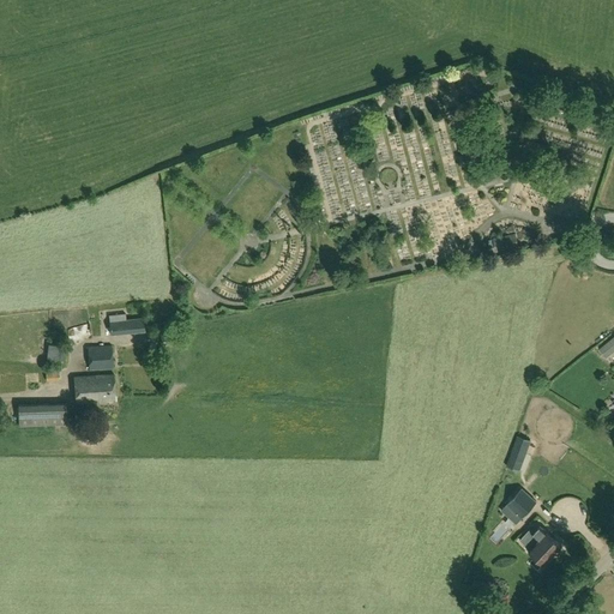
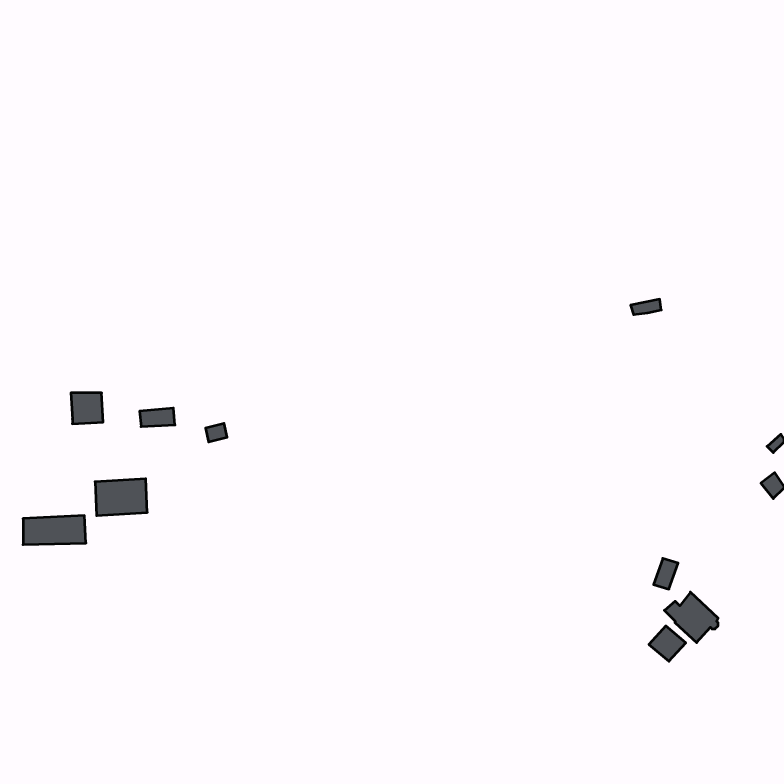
building: [88,345,113,369] -> [71,393,103,424]
building: [519,525,561,565] -> [664,592,718,643]

